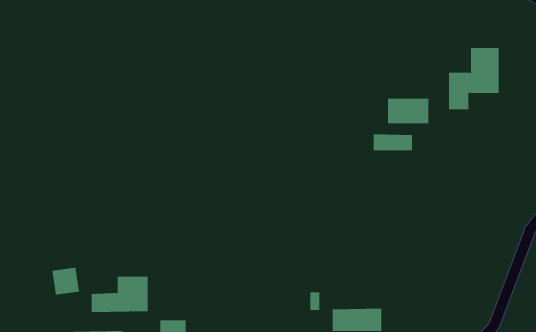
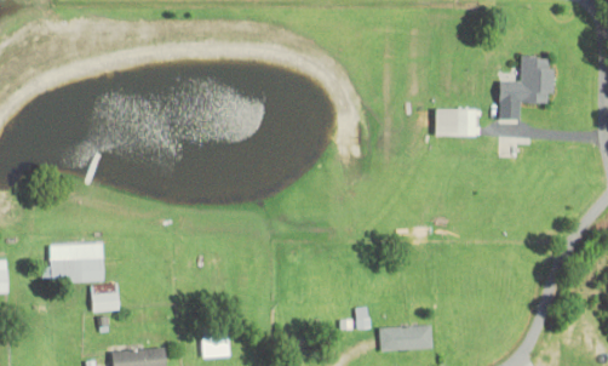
building: [373,133,413,151] -> none
building: [91,276,148,313] -> [42,244,102,281]

